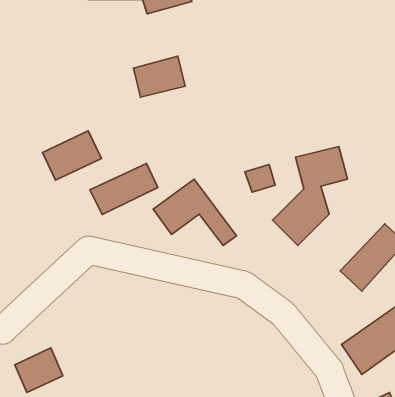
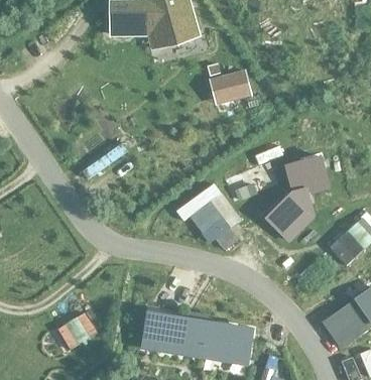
building: [133,56,185,97] -> [211,69,254,103]
building: [90,163,158,215] -> none
building: none -> [147,311,252,360]

